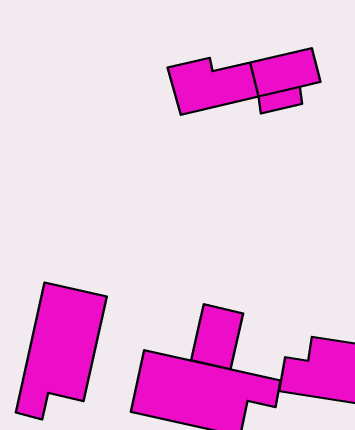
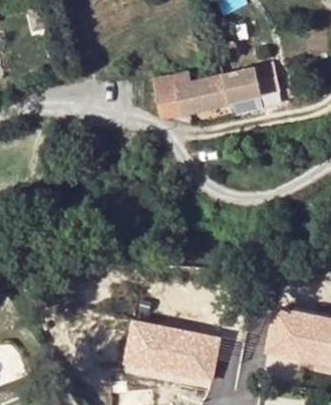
building: [16,282,107,420] -> none
building: [191,304,243,369] -> none

